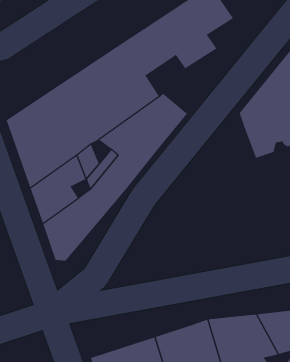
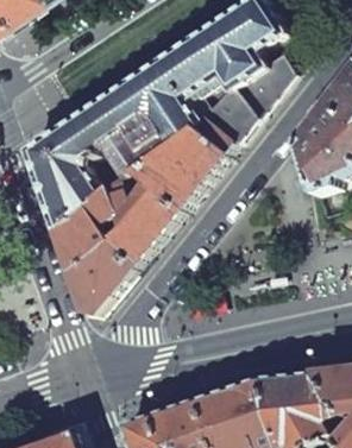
building: none -> [183,55,287,143]

